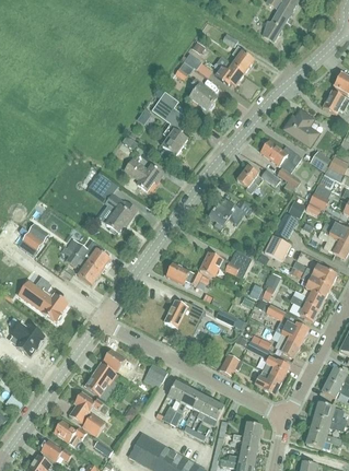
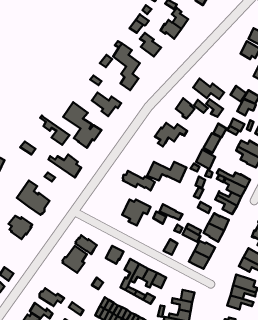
building: [283,109,318,145] -> none
building: [61,245,101,284] -> [40,115,69,145]
building: [70,391,108,435] -> none

